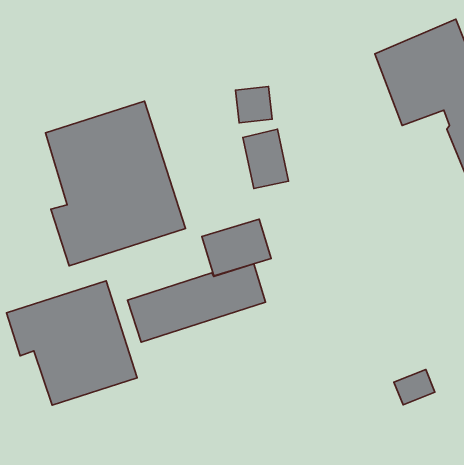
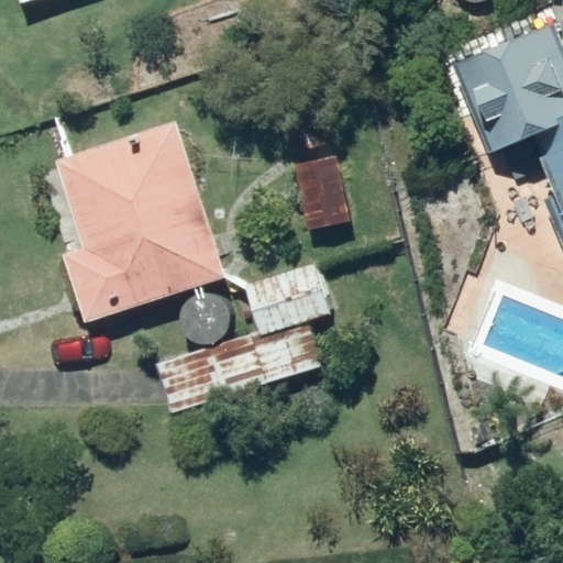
building: [6,281,137,405] -> none

